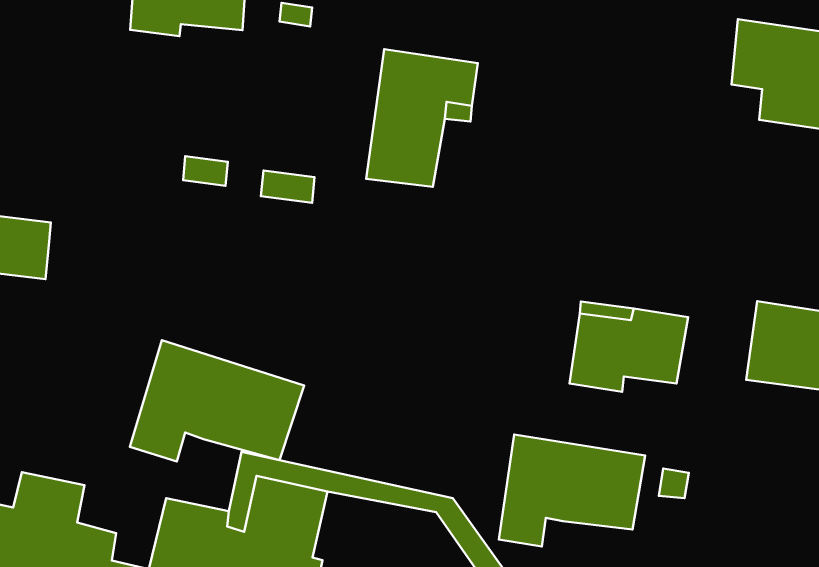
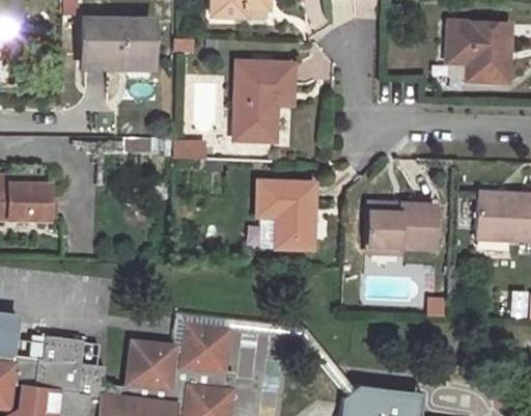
building: none -> [257,181,317,249]
building: [130,340,304,462] -> none
building: [499,434,645,547] -> none

